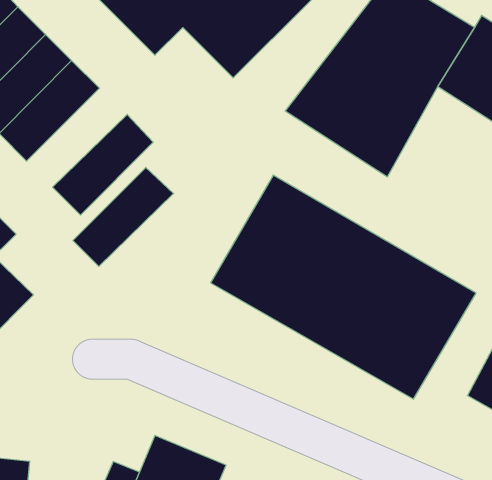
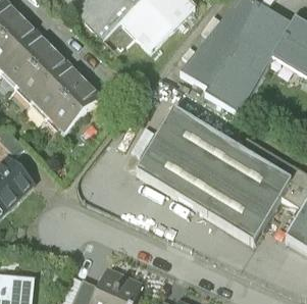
building: [73,167,174,266] -> [30,59,89,117]

